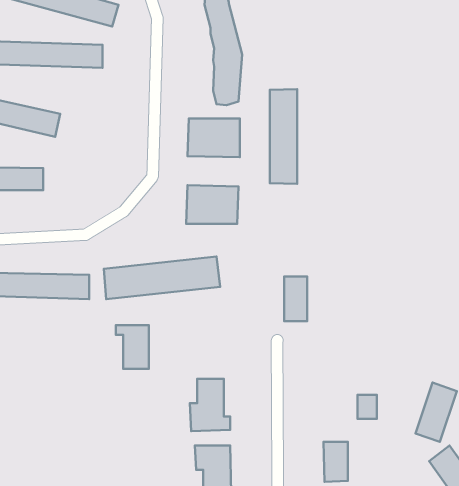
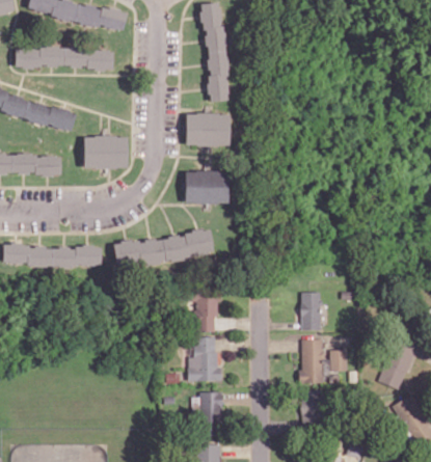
building: [270,89,297,184] -> none
building: none -> [84,136,128,169]
building: [284,276,307,321] -> [302,292,322,330]
building: [116,325,149,369] -> [189,294,217,331]
building: none -> [301,339,325,383]

